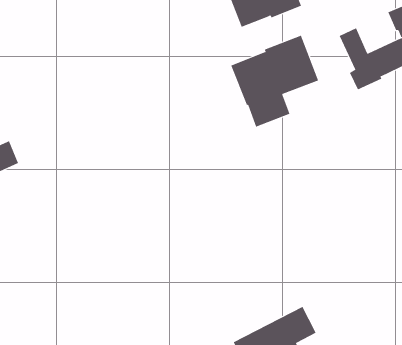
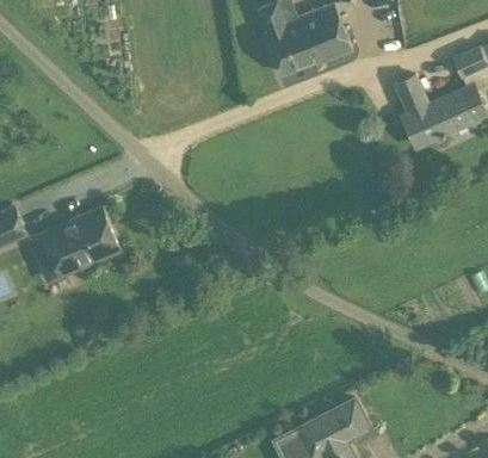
building: [231,35,319,128] -> none
building: none -> [41,208,118,274]

